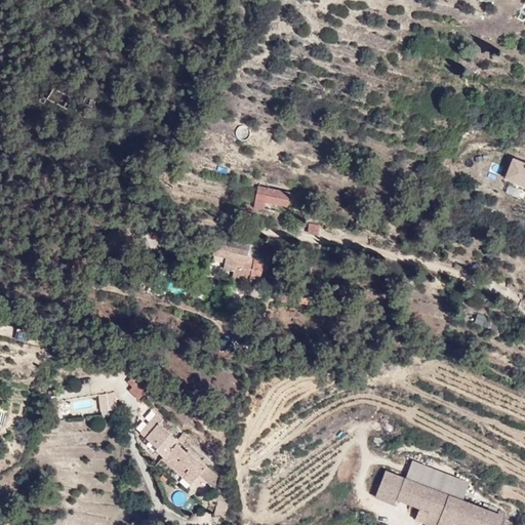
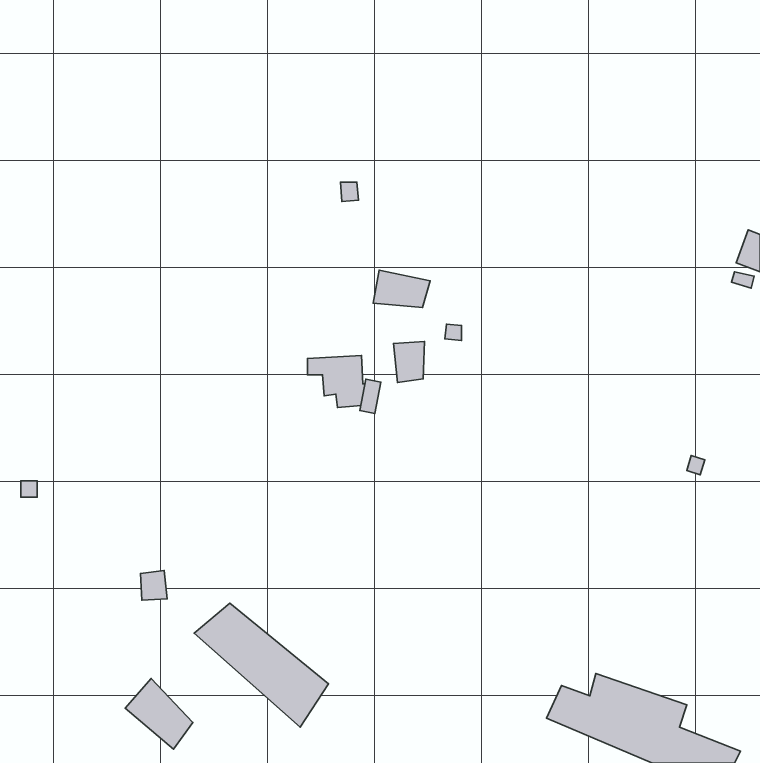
building: none -> [393,341,425,383]
building: none -> [125,679,193,749]

